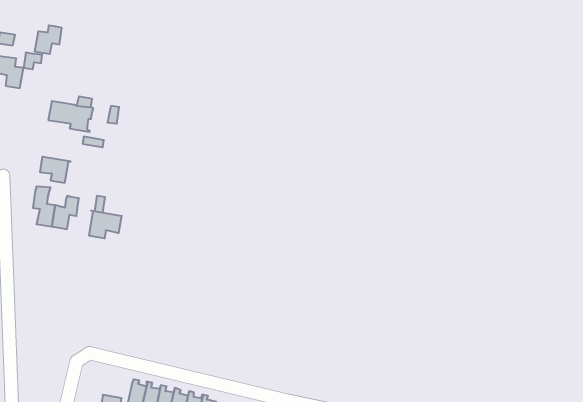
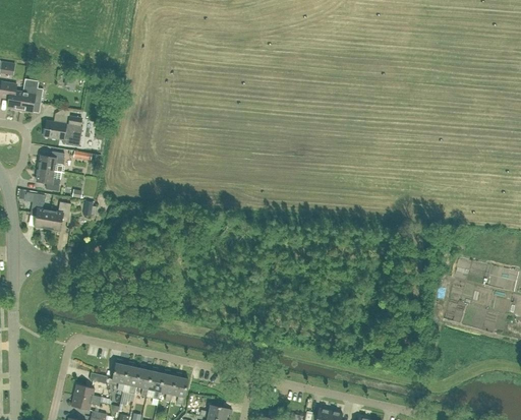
building: [34,25,62,54] -> [19,87,43,112]
building: none -> [39,152,64,173]
building: [89,211,122,238] -> none

